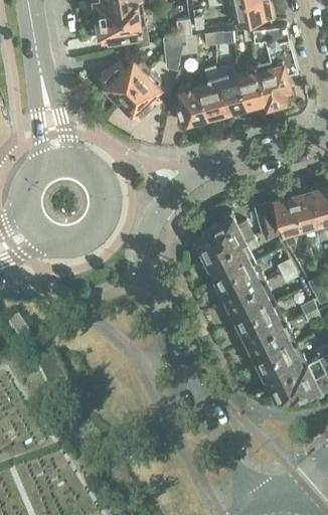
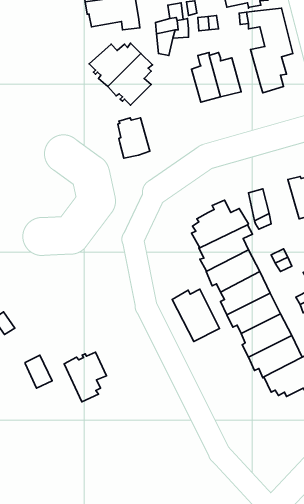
building: [238,66,267,108] -> none
building: [177,85,208,125] -> [118,118,150,158]
building: [274,193,304,247] -> none
building: none -> [172,289,220,341]
building: none -> [64,352,107,402]

